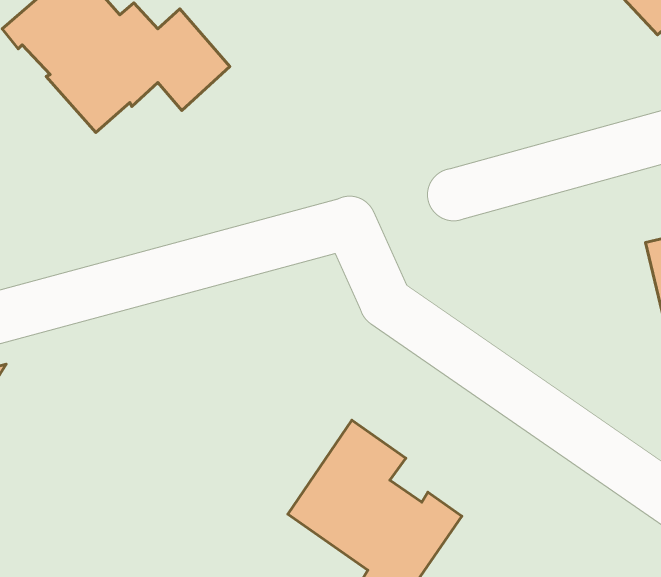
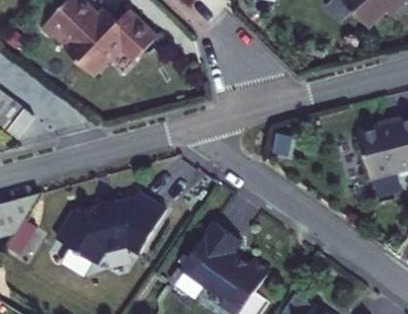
building: none -> [55,192,166,263]

